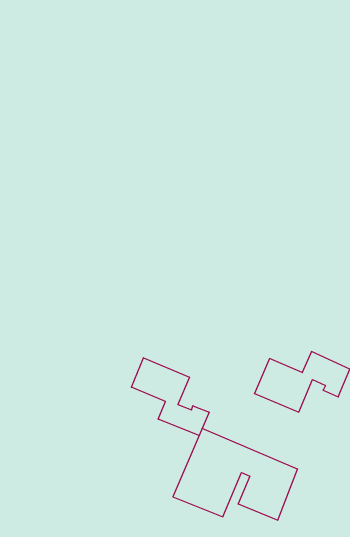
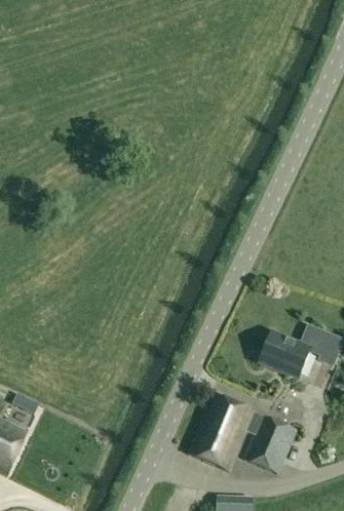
building: [131,358,209,435] -> none

